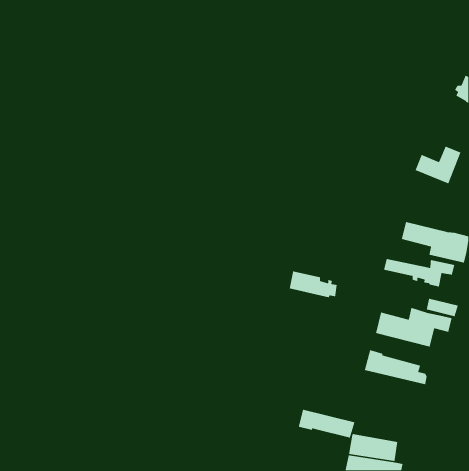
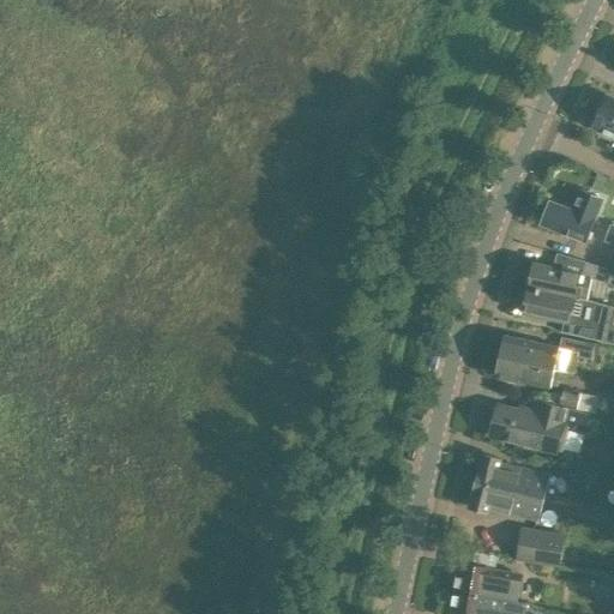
building: none -> [528,263,588,301]
building: [289,271,338,298] -> [494,351,558,387]
building: none -> [516,528,565,566]
building: [298,409,355,438] -> [468,482,542,520]

